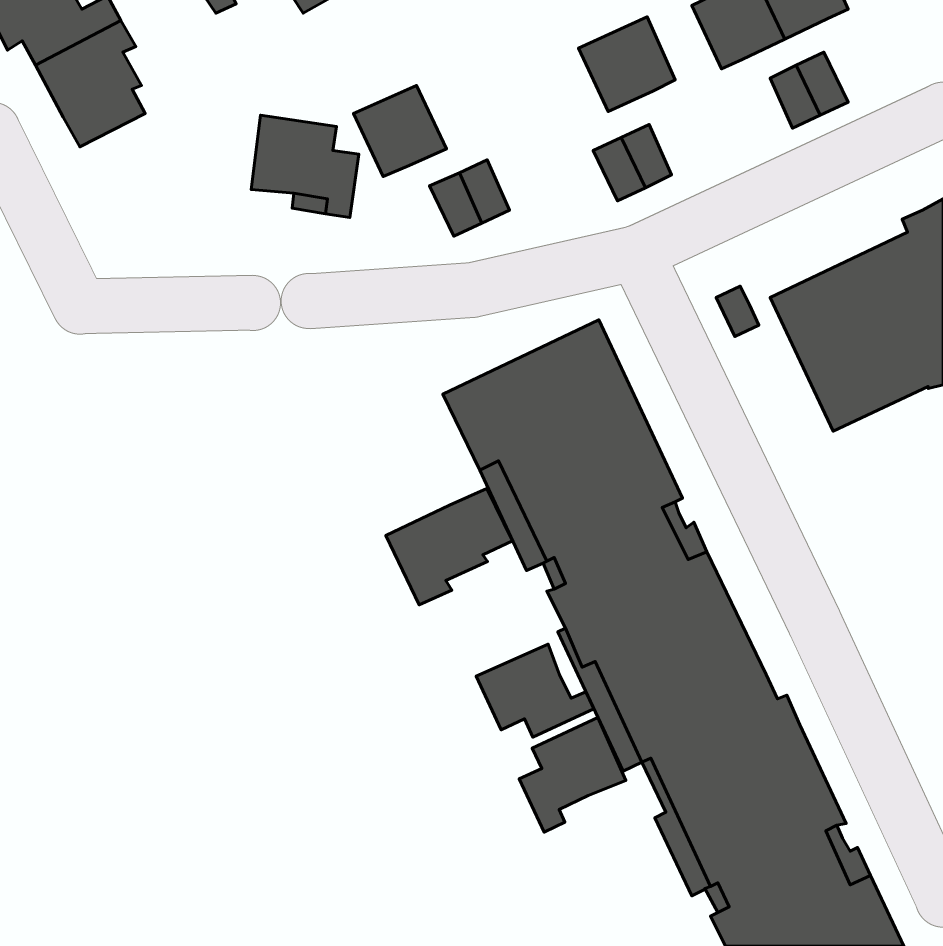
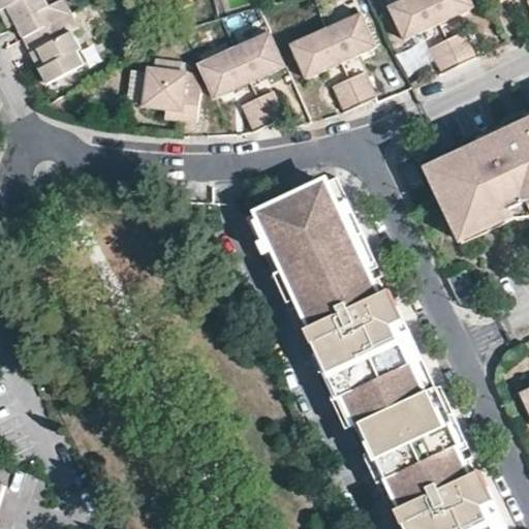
building: none -> [288,27,338,77]
building: none -> [231,31,283,83]
building: [386,488,513,605] -> none
building: [476,644,594,737] -> none
building: [519,718,626,832] -> none

